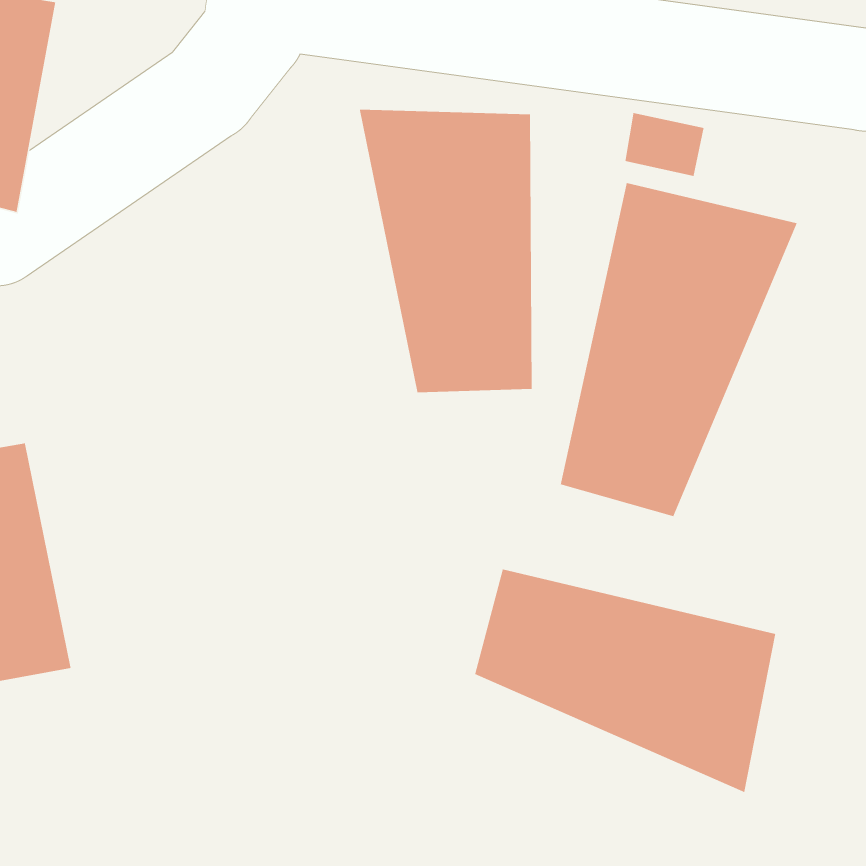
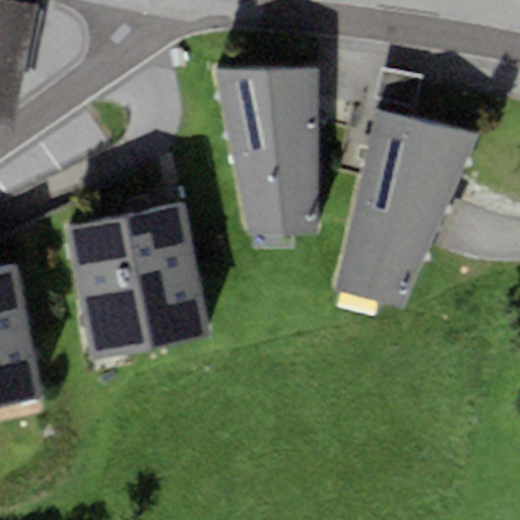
building: none -> [63,201,212,360]
building: [474,569,776,793] -> none

